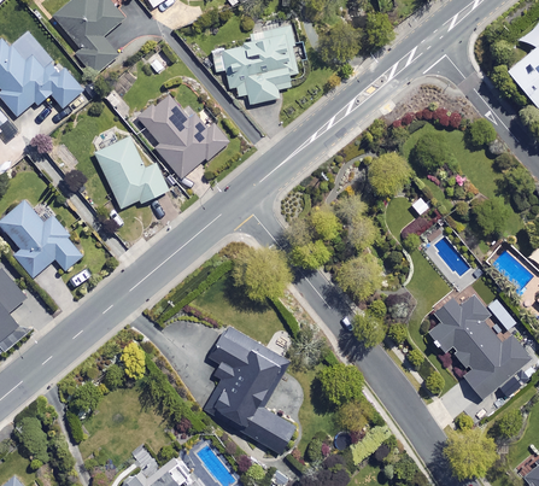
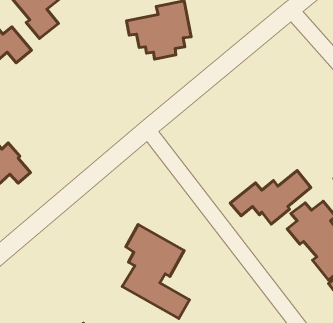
building: [139,93,227,176] -> none
building: [95,137,168,207] -> none
building: none -> [230,170,311,224]

